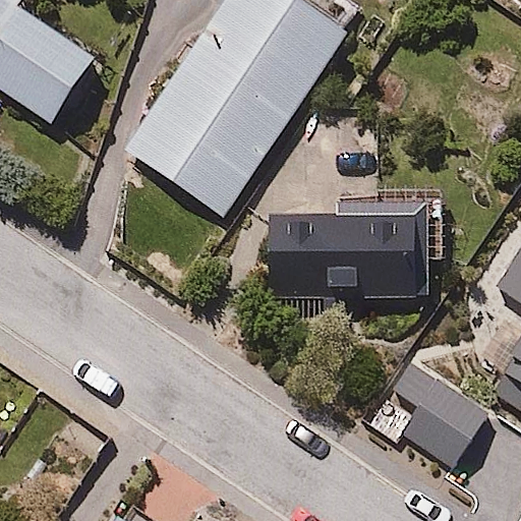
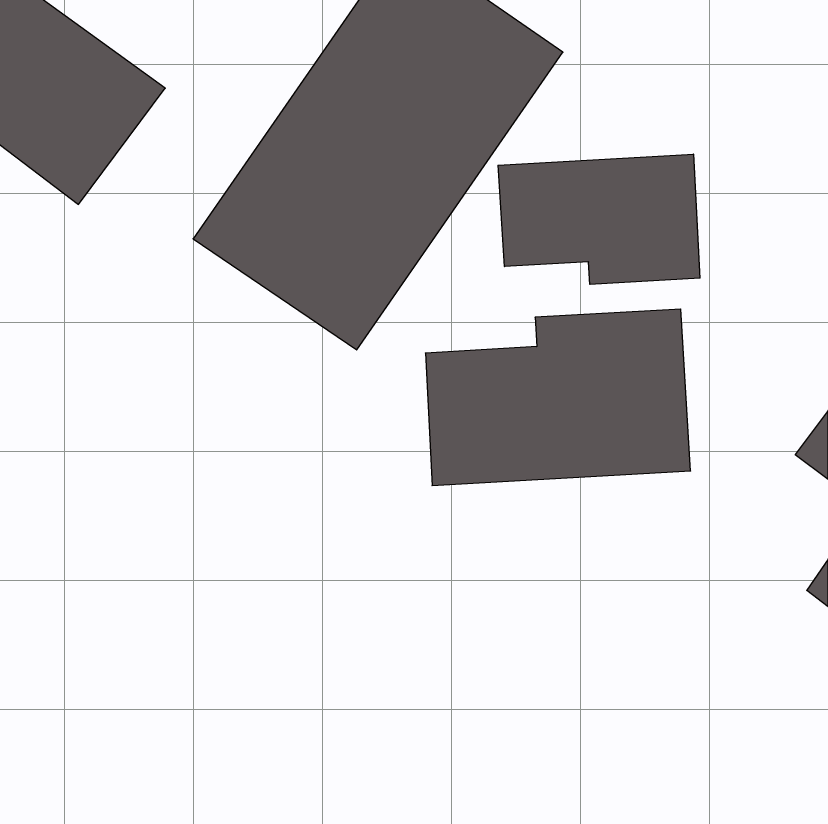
building: none -> [498,154,700,284]
building: [384,353,491,467] -> none

